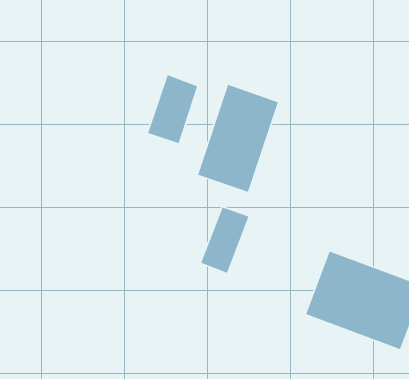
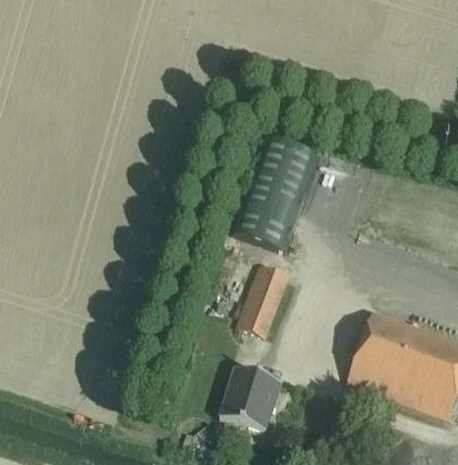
building: [147,74,198,144] -> none
building: none -> [219,366,281,431]

